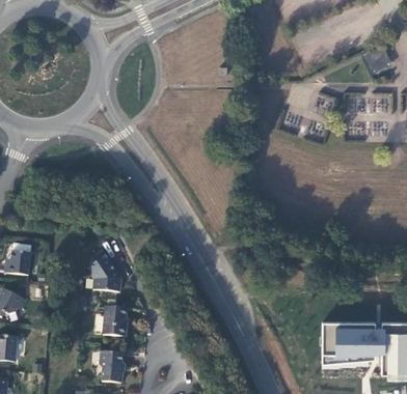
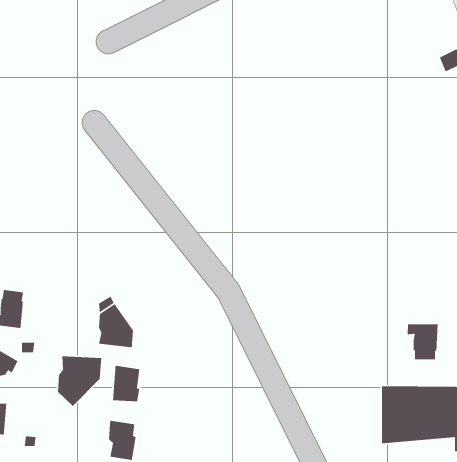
building: none -> [407,324,439,360]
building: none -> [57,355,102,407]

